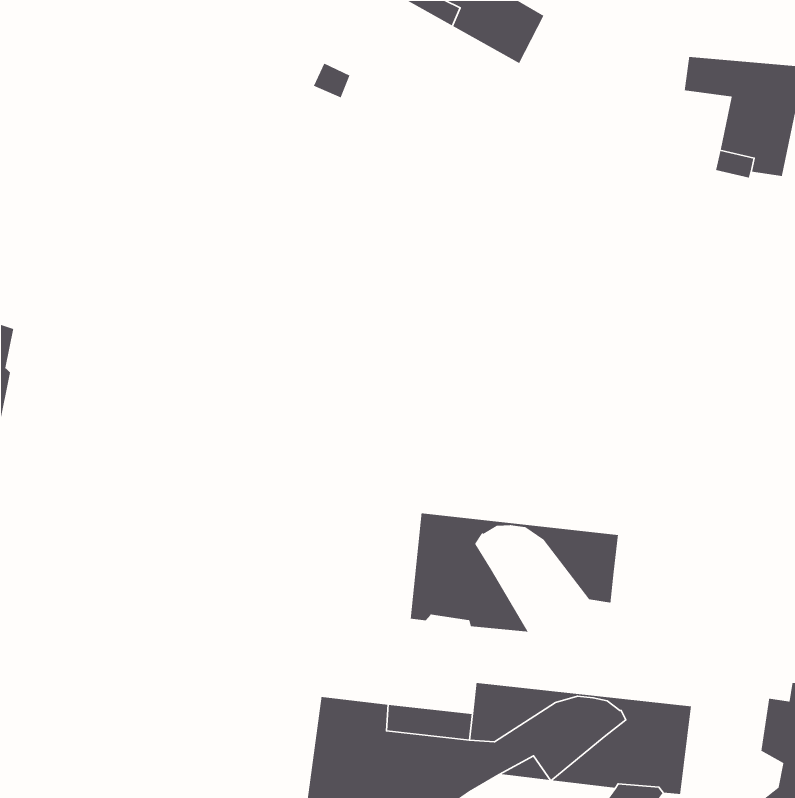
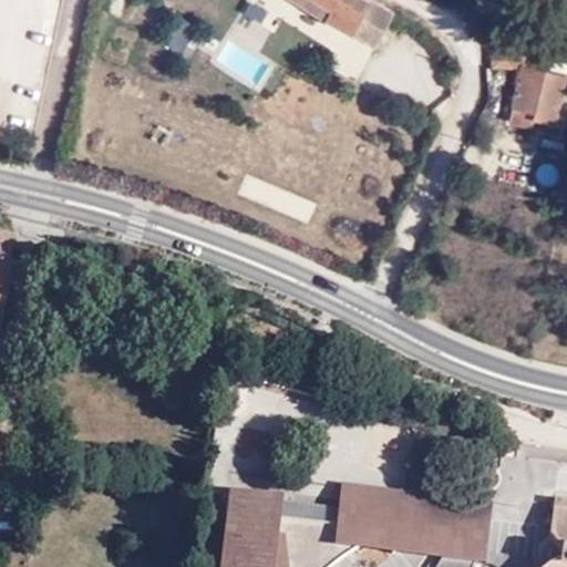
building: [410,512,619,632] -> none

